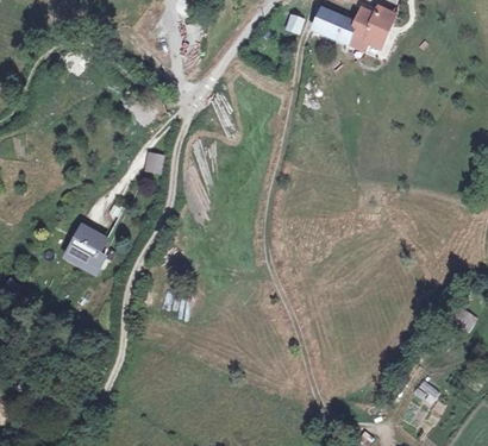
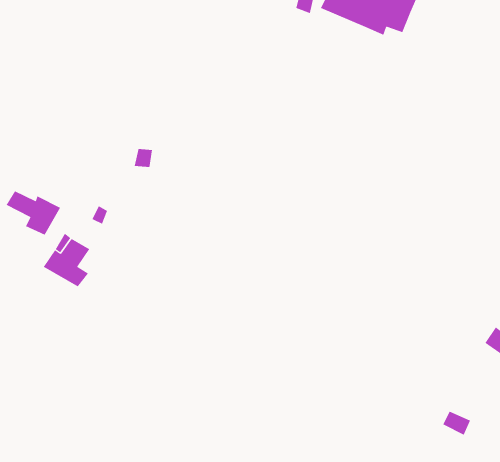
building: none -> [6,190,61,235]

